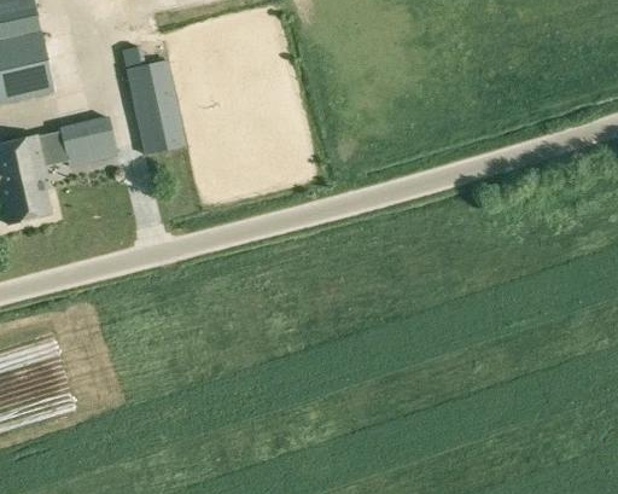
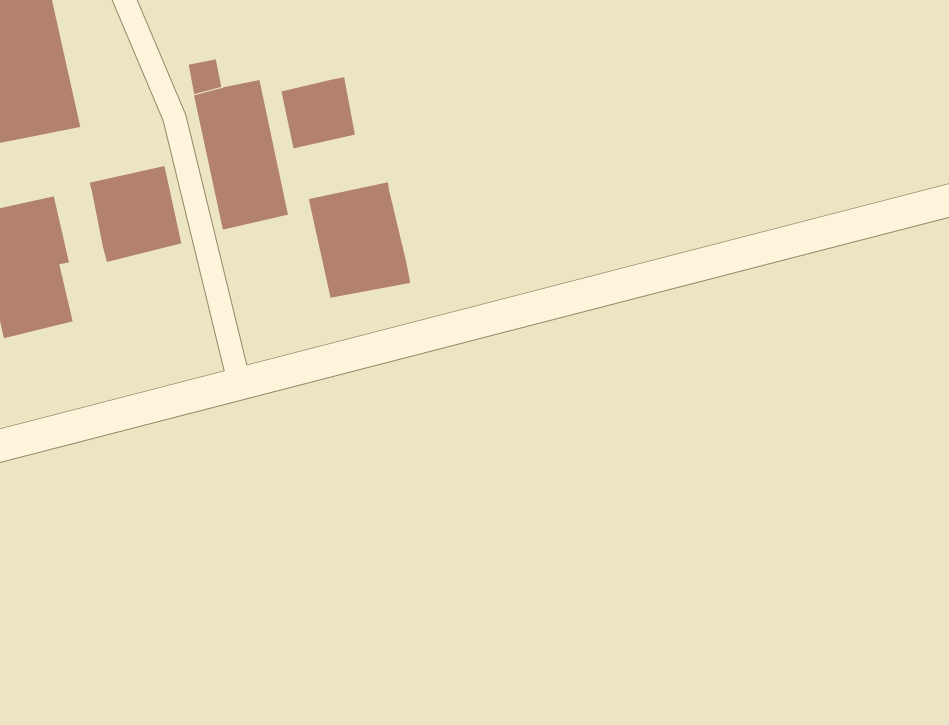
building: none -> [281,76,356,149]
building: none -> [308,181,411,298]

